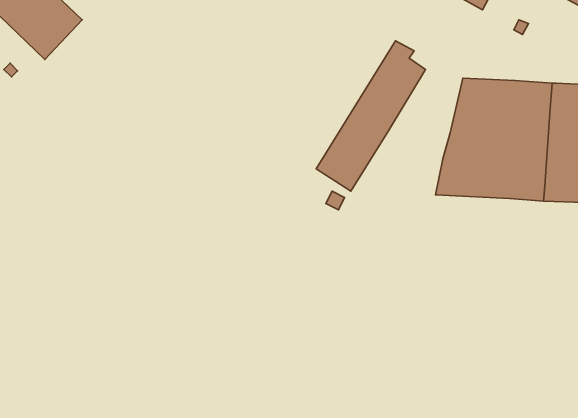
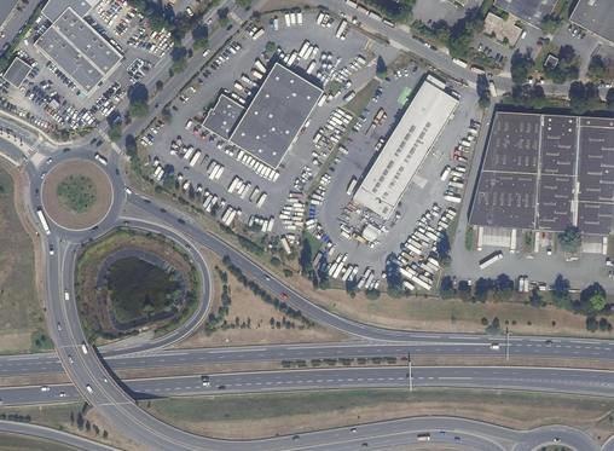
building: none -> [202,60,324,168]

